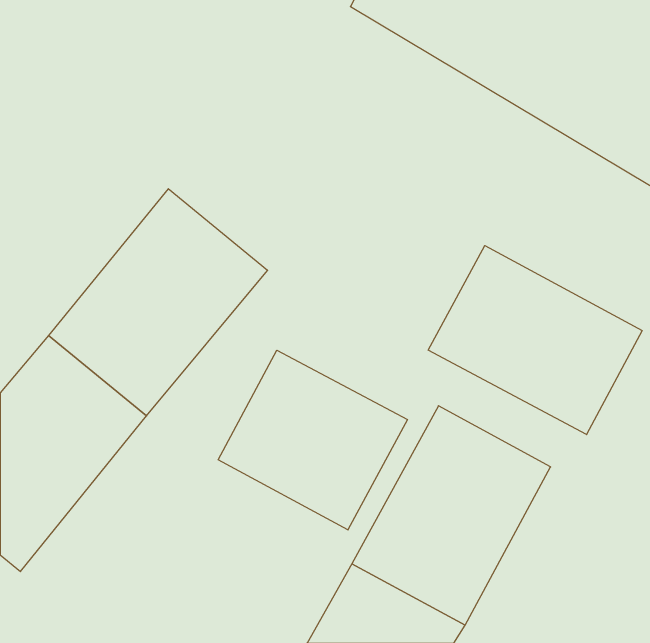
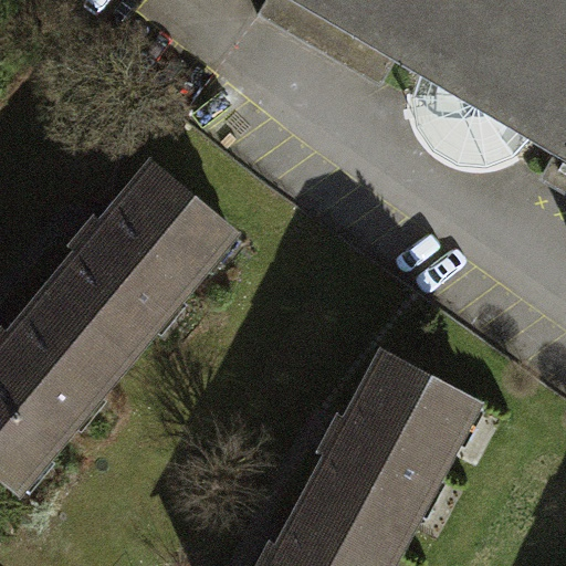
building: [428,246,642,435] -> none
building: [218,350,407,530] -> none

